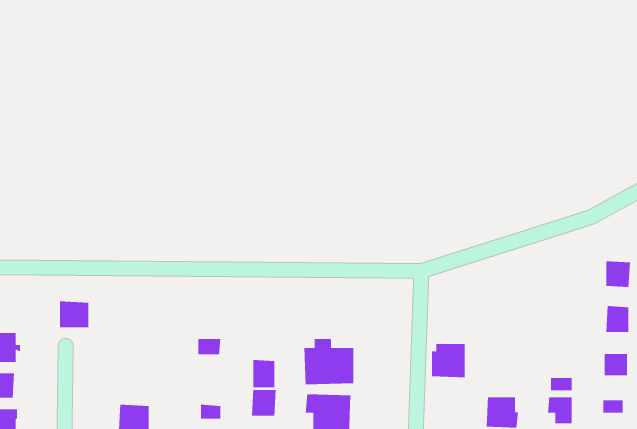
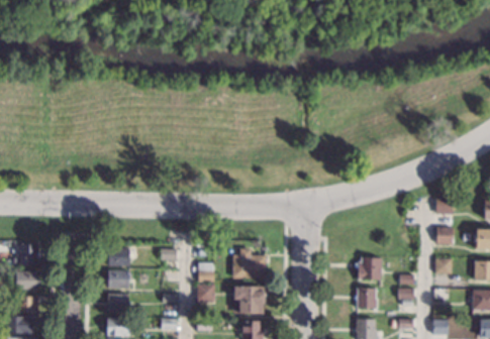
building: [59,301,89,328] -> [109,247,129,265]
building: [431,344,466,378] -> [358,256,381,279]
building: none -> [108,269,129,288]

